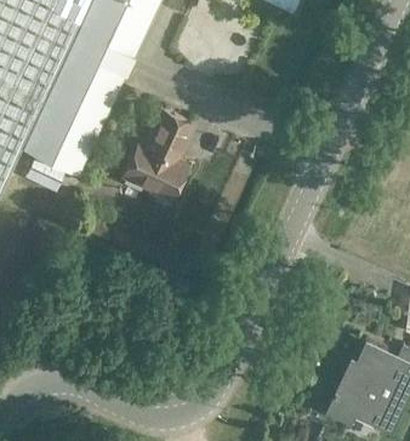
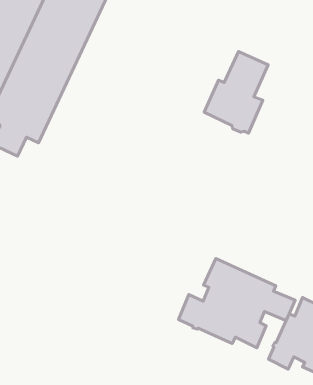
building: [123,108,193,197] -> [204,52,268,133]
building: none -> [179,258,295,348]

